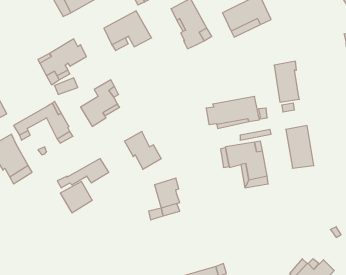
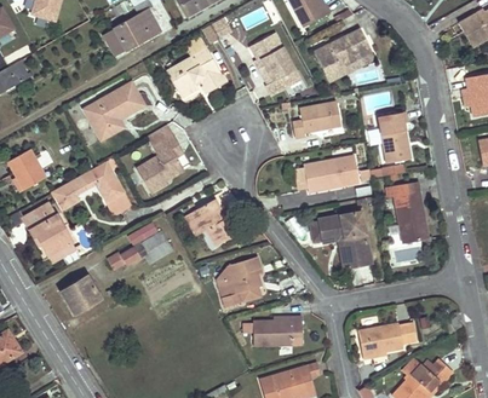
building: none -> [292,100,340,138]
building: [60,182,92,213] -> [59,276,99,315]
building: none -> [242,317,300,346]
building: none -> [357,322,415,358]

